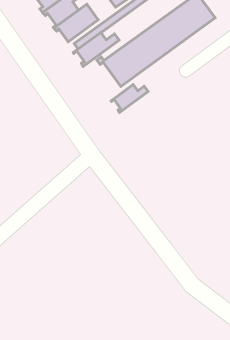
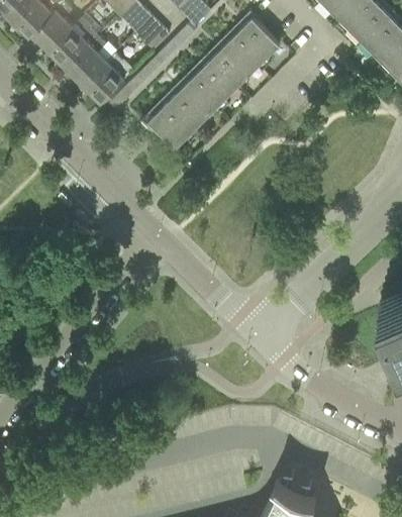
building: [73,32,119,66] -> none
building: [111,85,148,112] -> none

